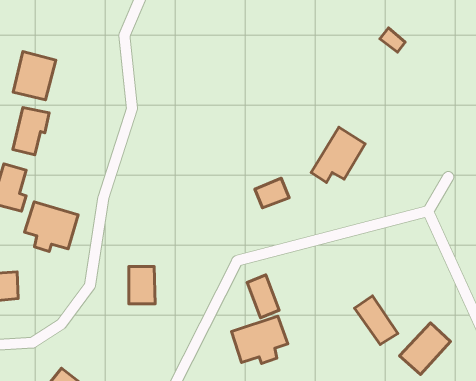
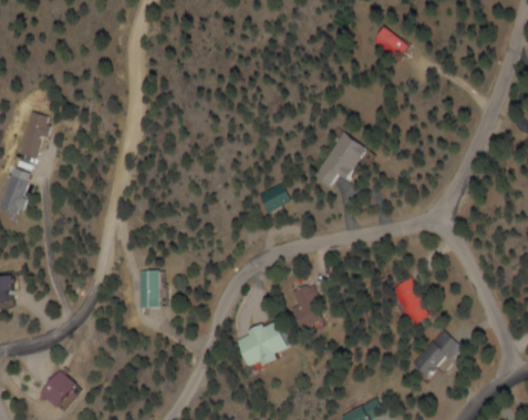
building: [13,52,56,100] -> none
building: [24,202,78,252] -> none
building: [247,275,279,318] -> [288,283,320,326]
building: [355,296,398,345] -> [386,278,429,327]

